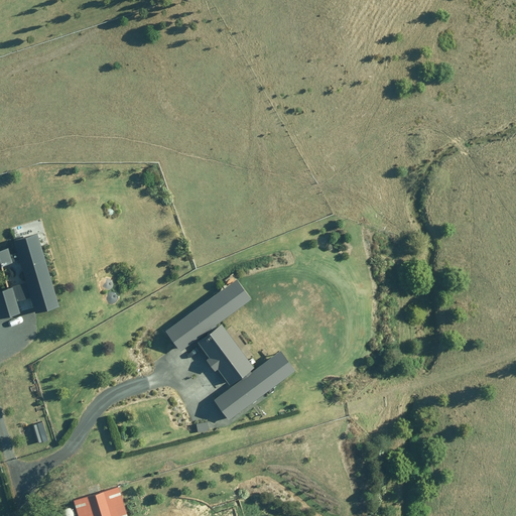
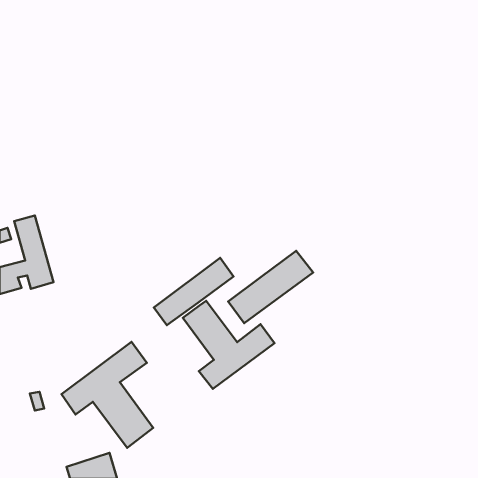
building: none -> [228,251,313,323]
building: none -> [61,342,153,448]

